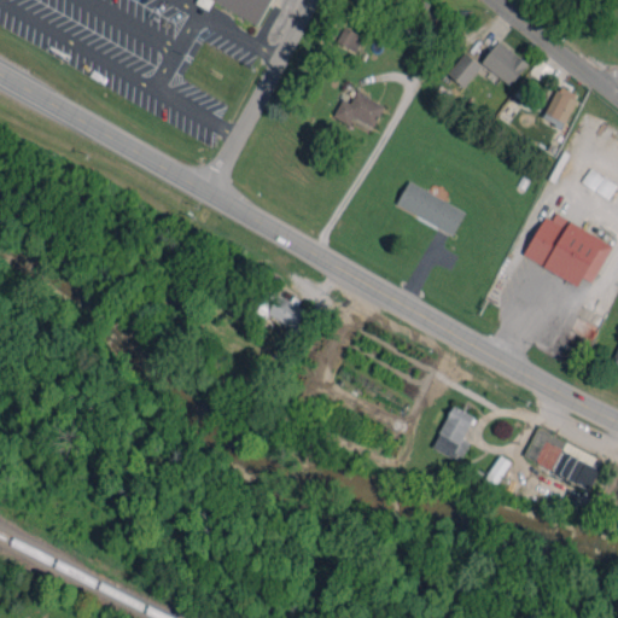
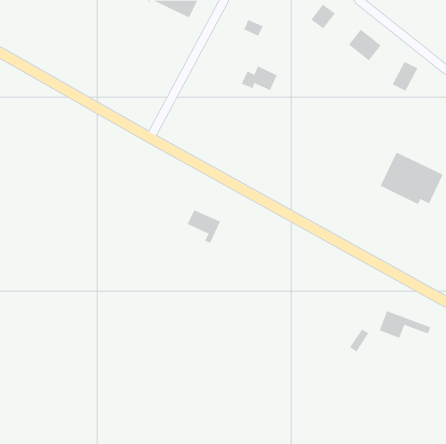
building: [447,54,482,89] -> [310,4,336,29]
building: [396,182,466,237] -> none
building: [432,407,473,462] -> none
building: [553,453,600,492] -> none

